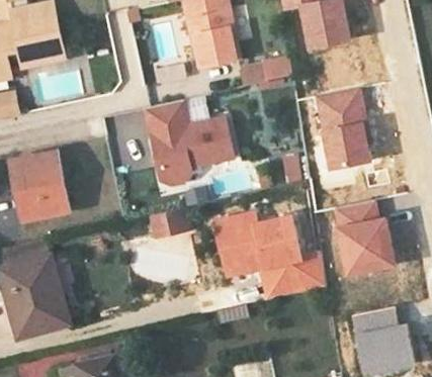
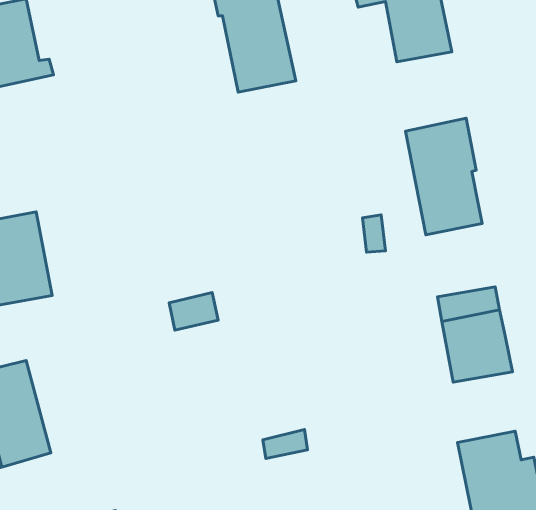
building: [241,56,288,85] -> none
building: [144,99,232,183] -> none
building: [220,216,322,296] -> none

